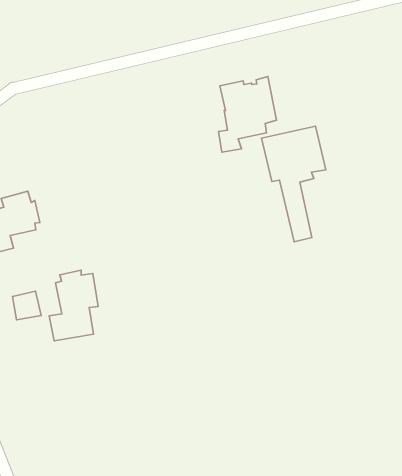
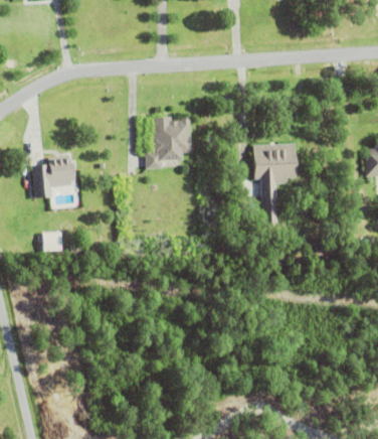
building: [218,77,277,152] -> [147,118,192,169]
building: [49,270,98,341] -> none

